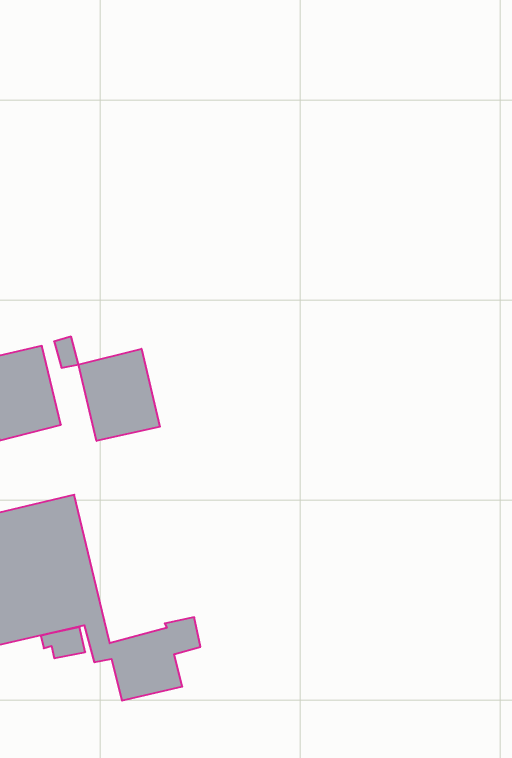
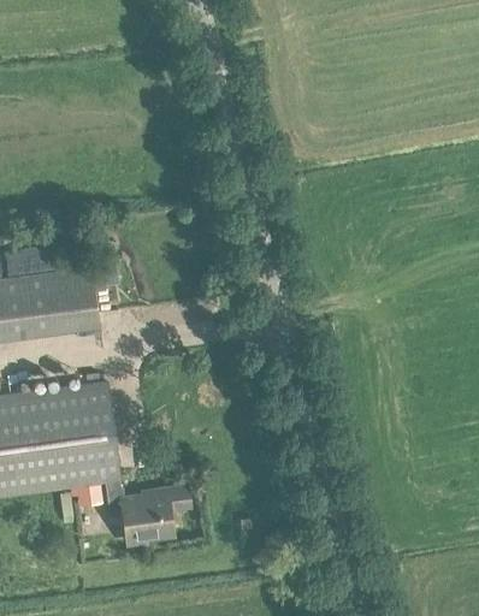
building: [79,349,160,441] -> none

